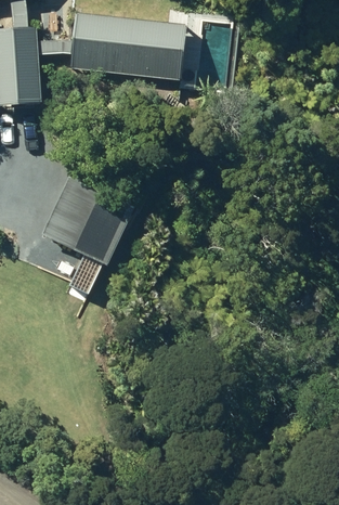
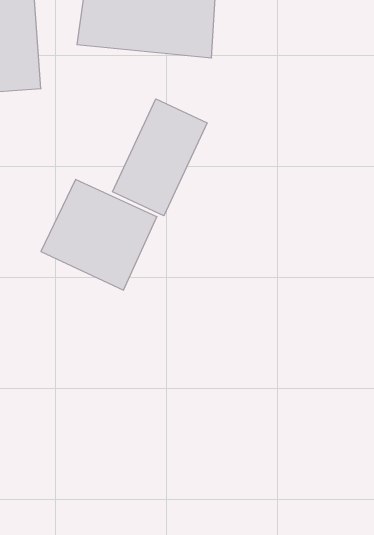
building: none -> [112,99,207,216]

